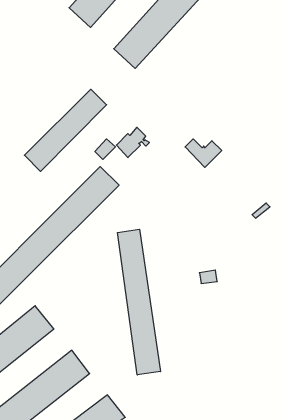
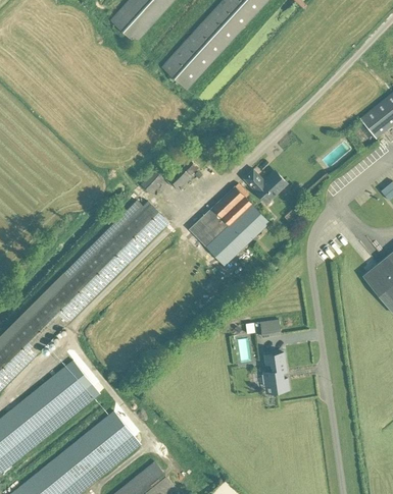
building: [24,89,107,171] -> none
building: none -> [189,187,268,266]
building: [117,229,160,375] -> none
building: none -> [262,353,288,392]

